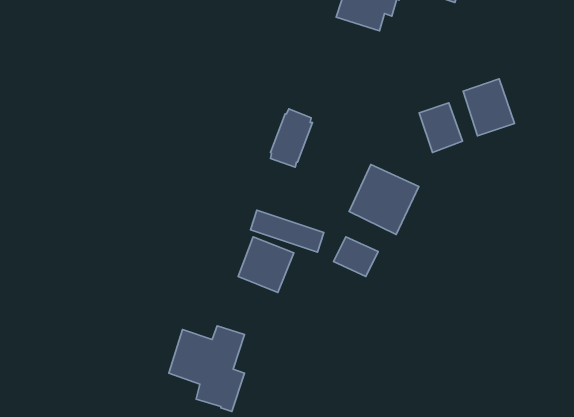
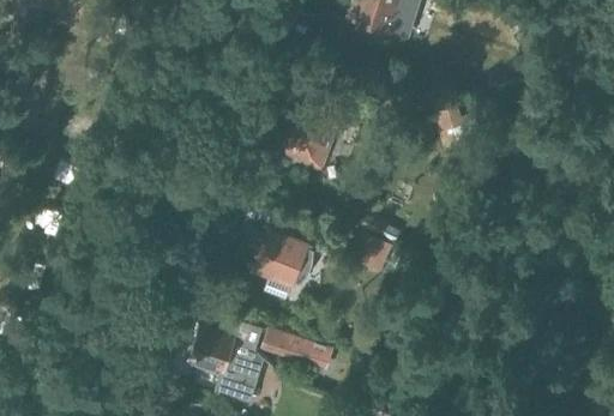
building: [463,79,514,136] -> none
building: [349,164,419,235] -> none
building: [251,210,324,252] -> [263,330,333,370]

